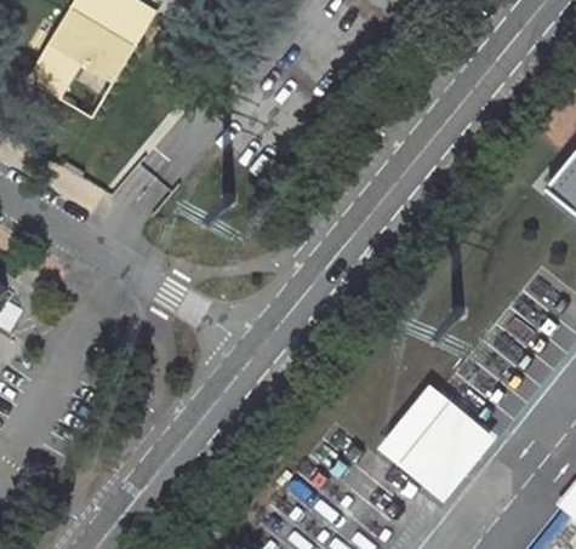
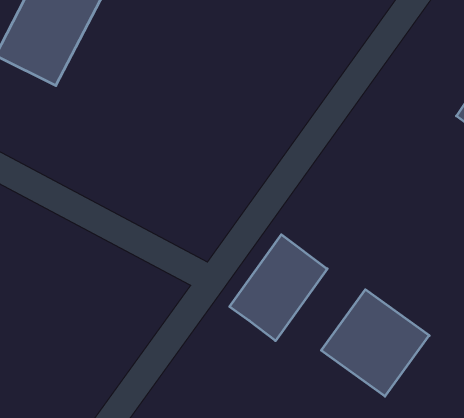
building: none -> [230,235,327,341]

